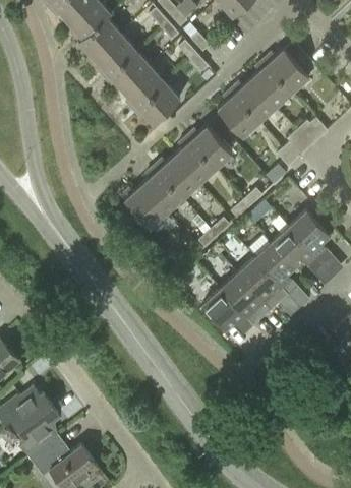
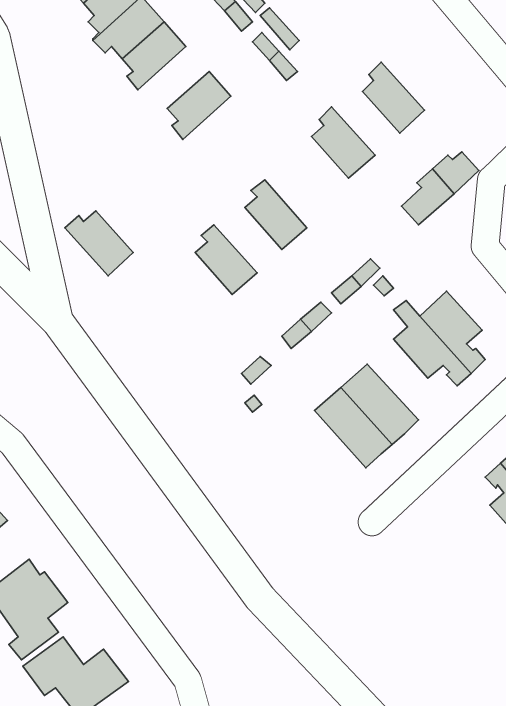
building: [265,49,318,92] -> none
building: [105,50,152,90] -> none
building: [232,79,277,121] -> none
building: [134,82,181,123] -> none
building: [188,126,233,169] -> none
building: [155,156,199,198] -> none
building: [122,185,167,228] -> [65,211,133,276]
building: [251,236,298,295] -> none
building: [203,289,254,334] -> none

